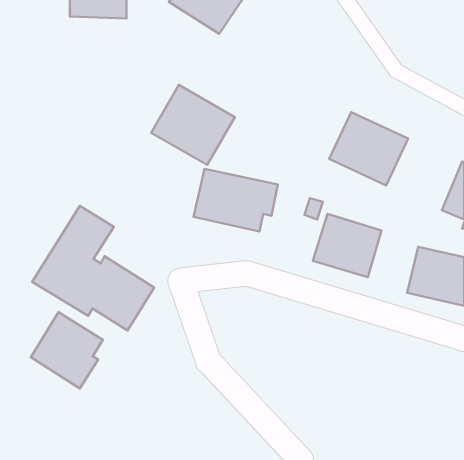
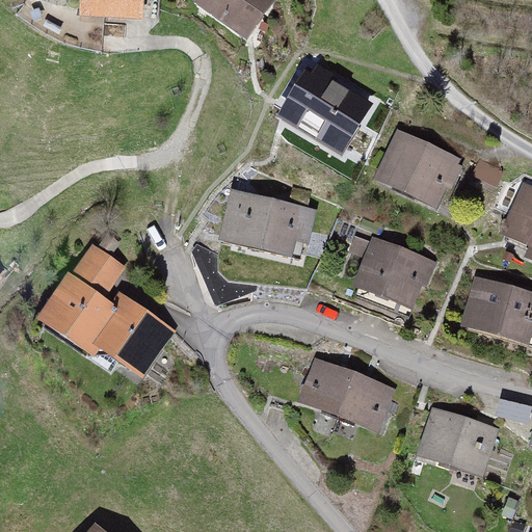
building: [151,85,235,165] -> [280,64,374,155]
building: none -> [296,349,393,423]
building: [31,312,103,389] -> none
building: none -> [413,398,497,469]

